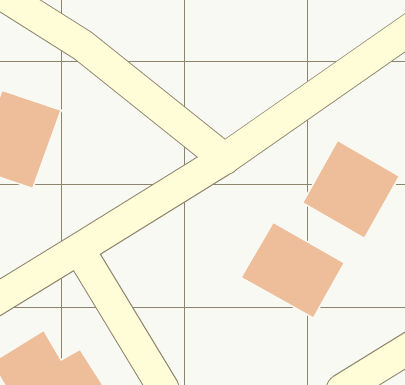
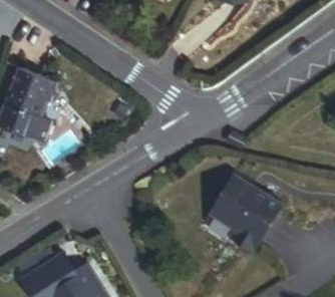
building: [303,140,399,239] -> none

